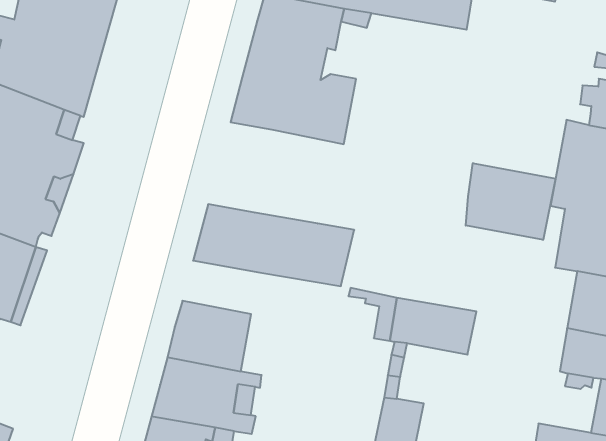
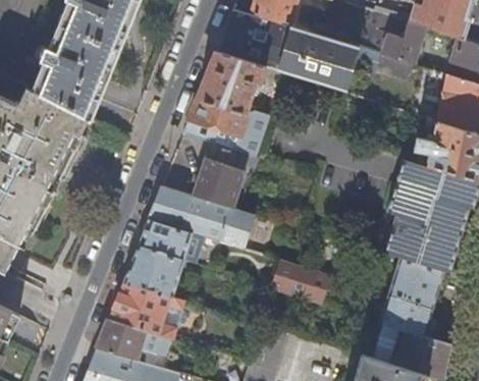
building: none -> [192,141,257,206]
building: [466,163,556,240] -> none
building: none -> [138,220,191,260]

